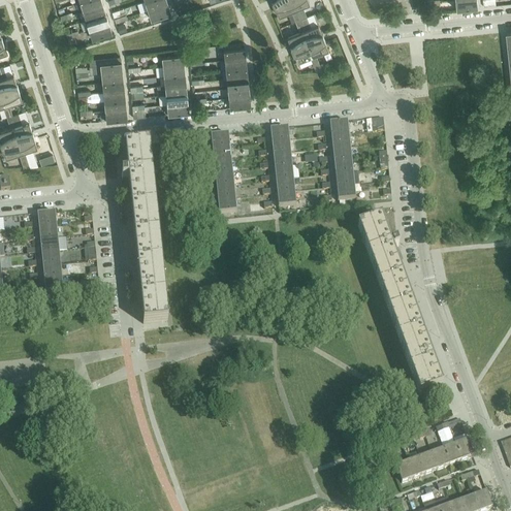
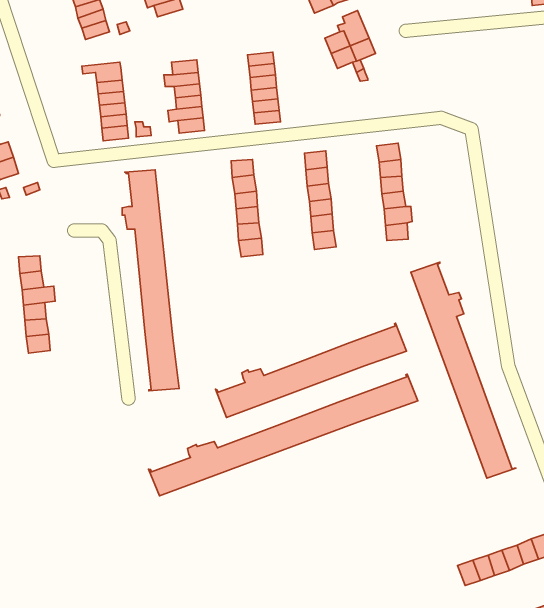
building: none -> [215,323,406,417]
building: none -> [148,374,418,496]

